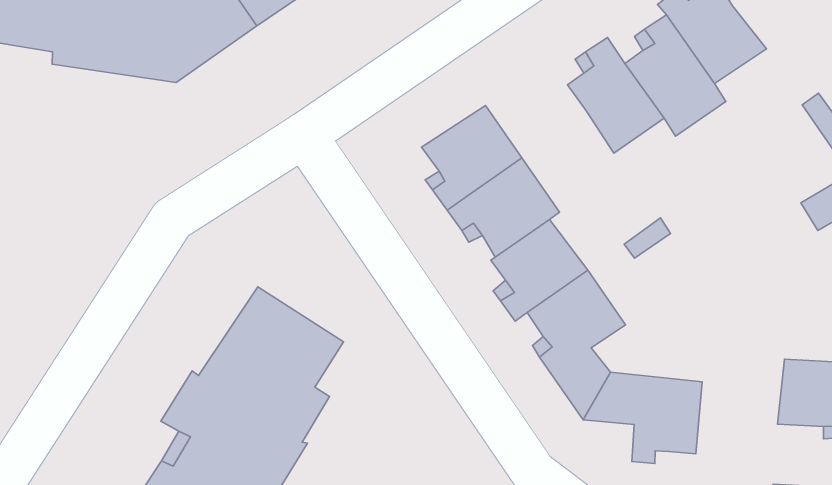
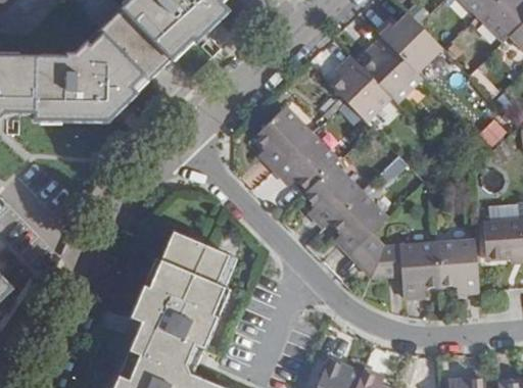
building: none -> [436,242,478,294]

